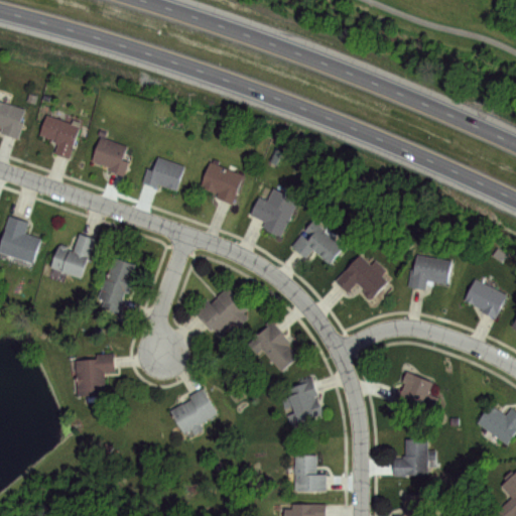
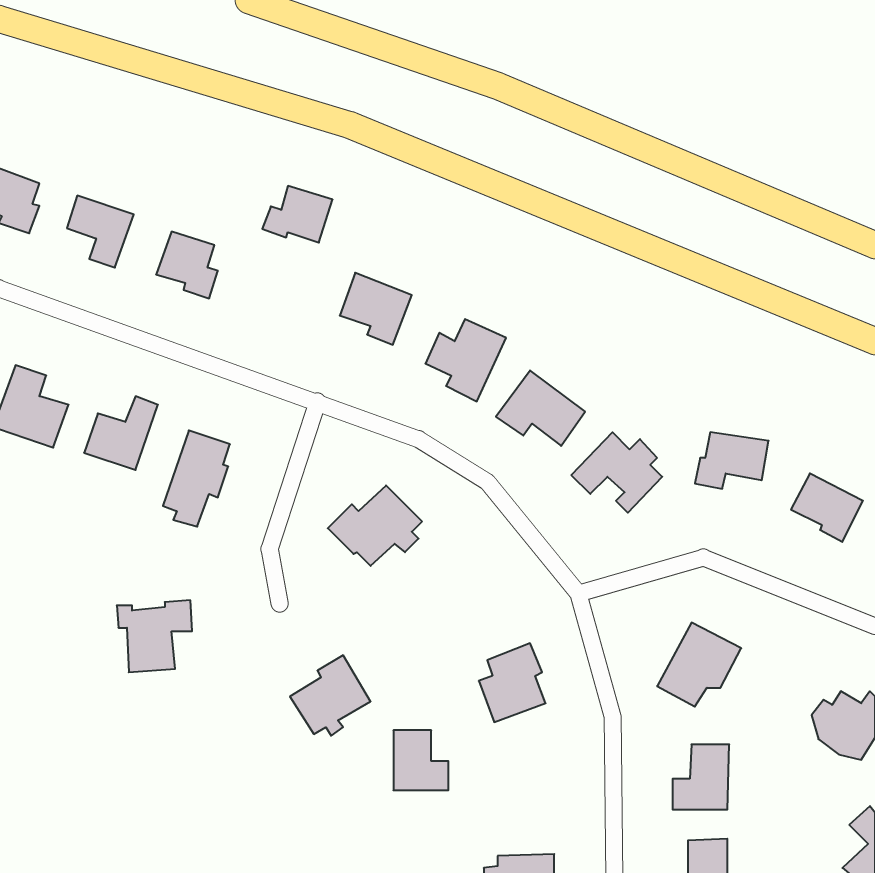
building: [142,158,183,191] -> [262,186,333,243]
building: [248,322,297,370] -> none
building: [294,457,327,492] -> [393,730,448,790]

